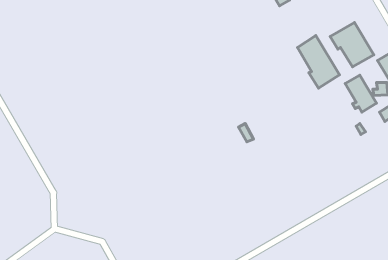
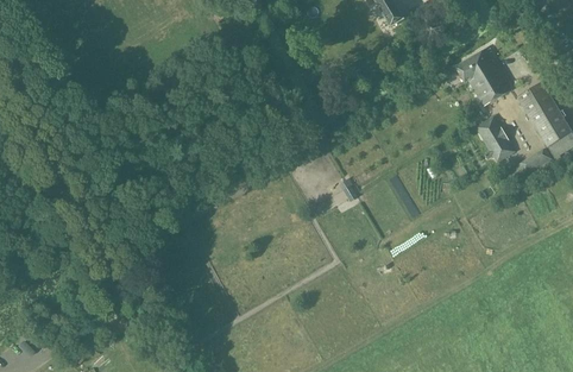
building: [297,36,339,88] -> none

